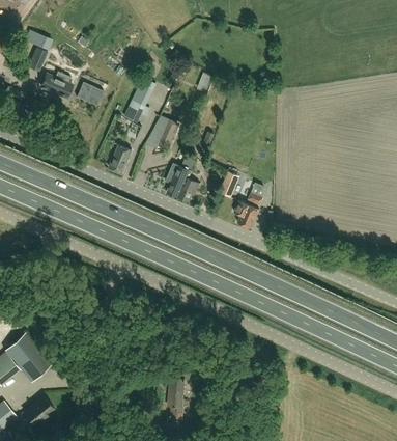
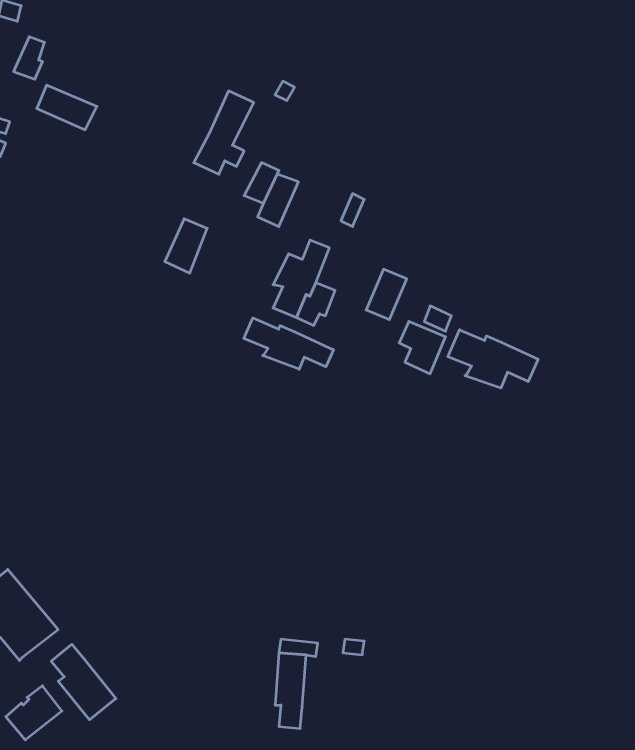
building: [76,81,104,106] -> none
building: none -> [244,318,334,369]
building: none -> [448,330,538,388]
building: none -> [51,644,116,720]

